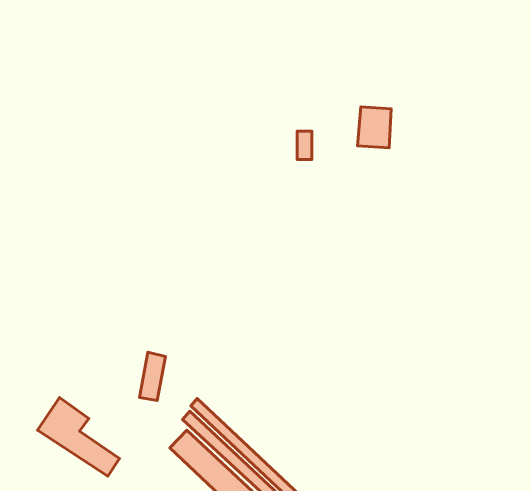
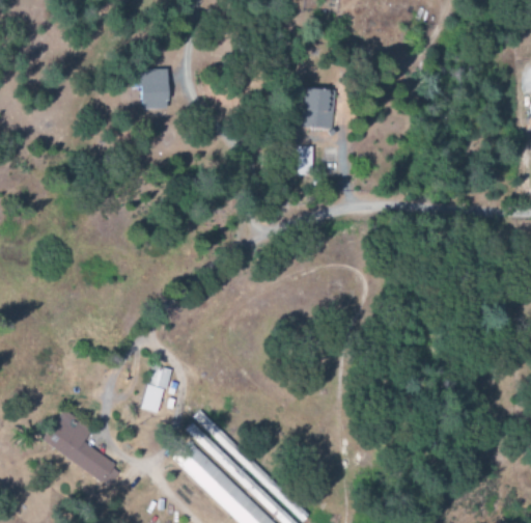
building: none -> [136,70,169,110]
building: [358,107,391,148] -> [303,88,336,129]

